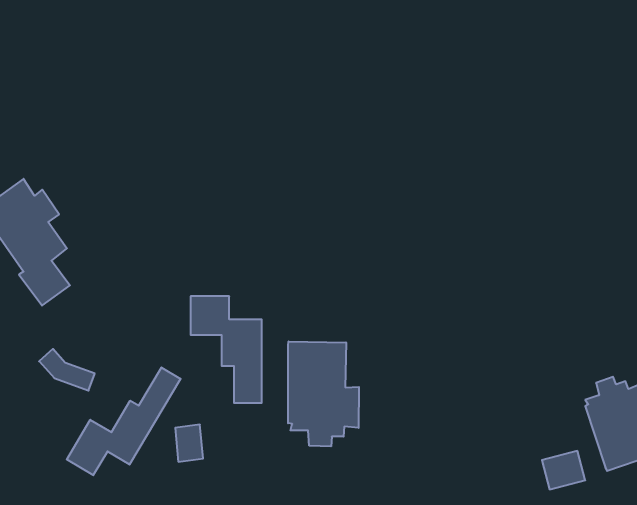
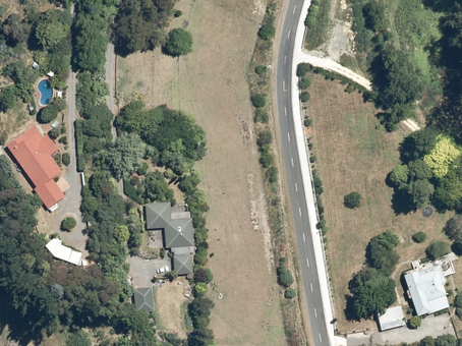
building: [288,341,359,446] -> none
building: [67,367,181,475] -> none

